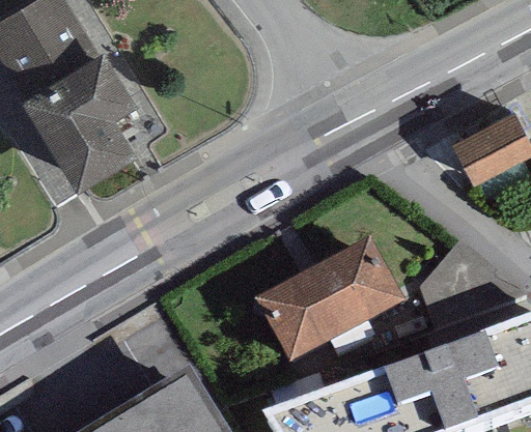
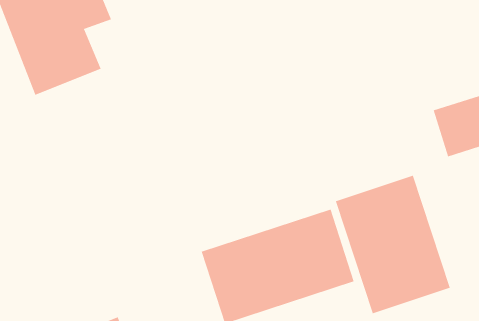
building: none -> [335,175,450,314]

